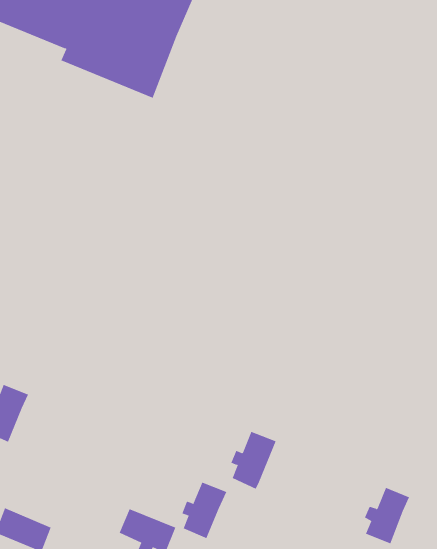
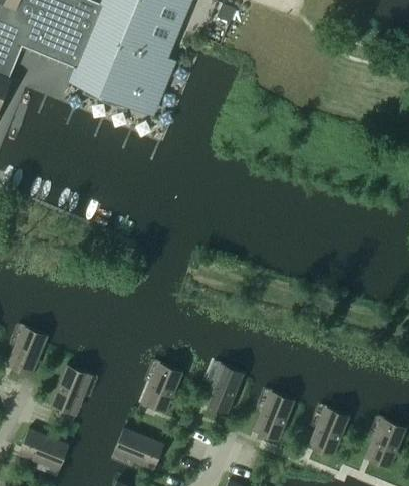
building: none -> [49,368,84,414]
building: none -> [256,396,292,441]
building: [182,482,227,539] -> [144,368,180,413]

